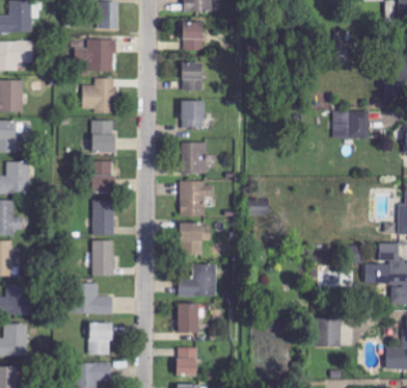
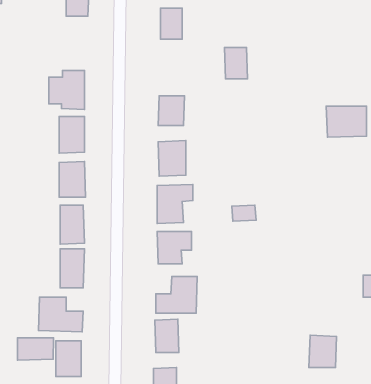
building: [74,38,115,71] -> none
building: [182,62,202,90] -> [225,48,248,79]
building: none -> [17,338,53,360]

